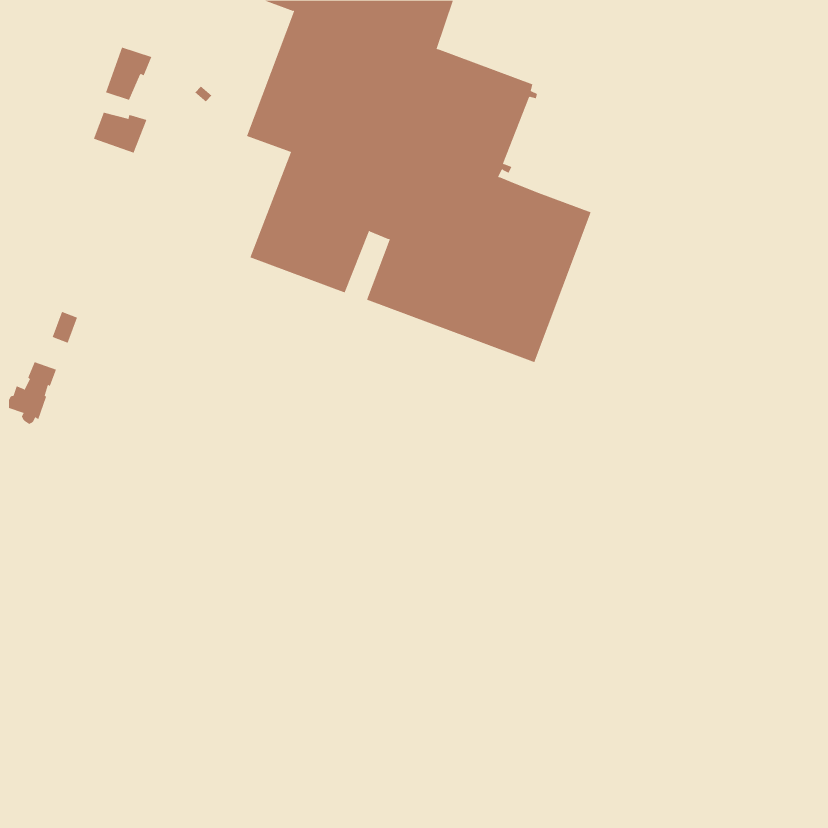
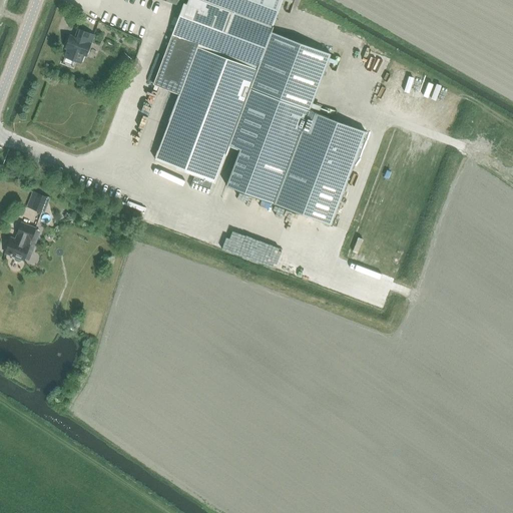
building: [93,112,147,154] -> none

